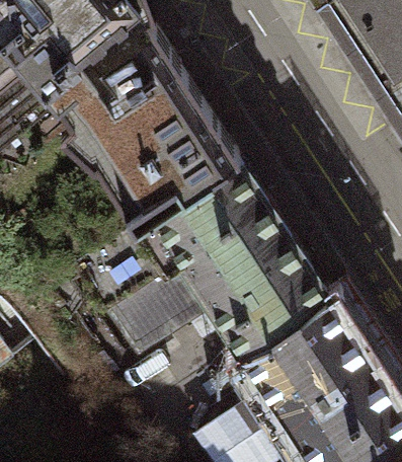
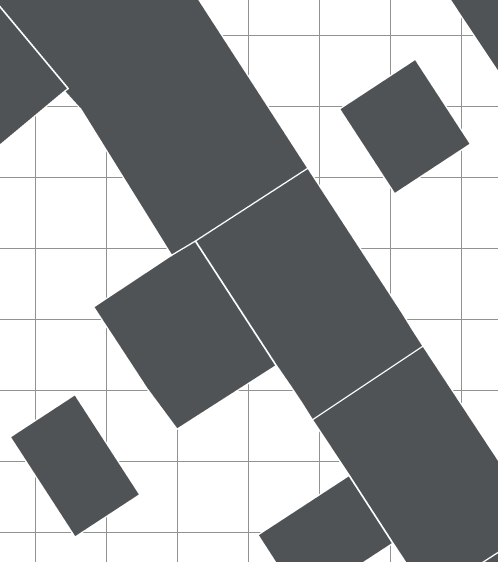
building: none -> [340,59,471,194]
building: none -> [10,395,140,537]

